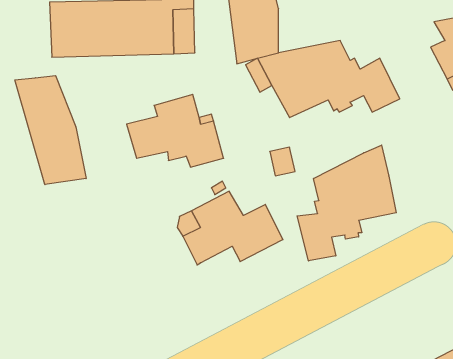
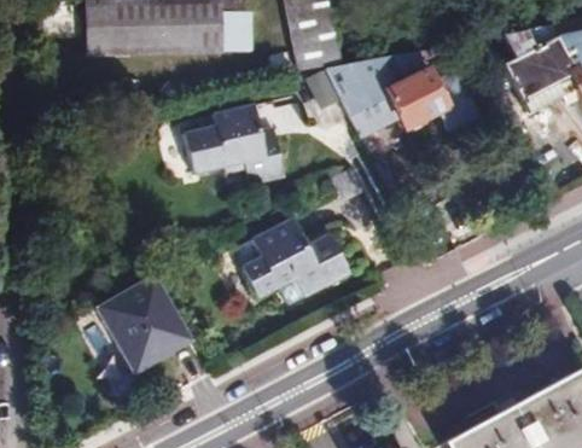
building: [15,76,86,185] -> none
building: [297,145,396,261] -> none
building: none -> [97,277,193,374]

